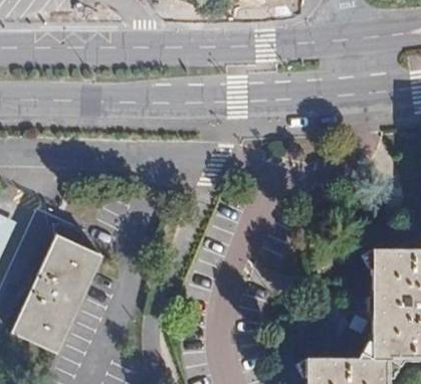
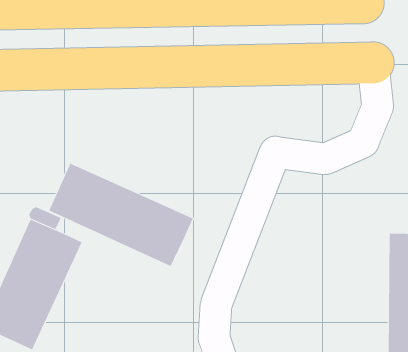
building: none -> [48,163,194,267]

